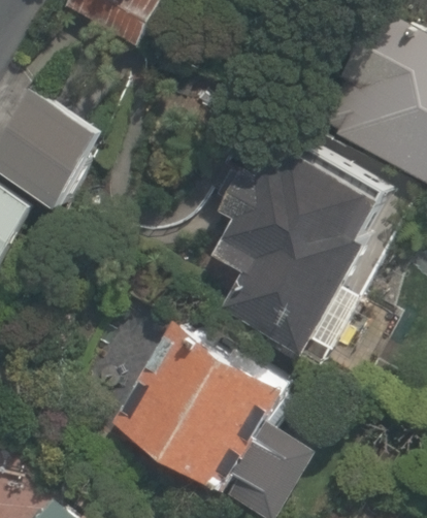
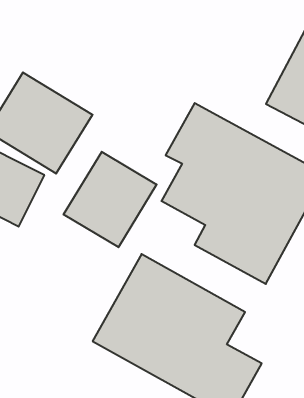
building: none -> [64,152,157,247]

